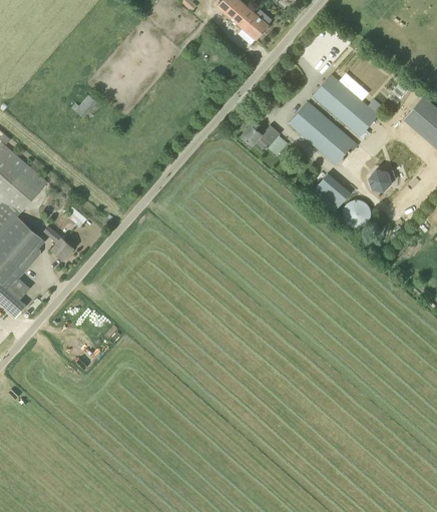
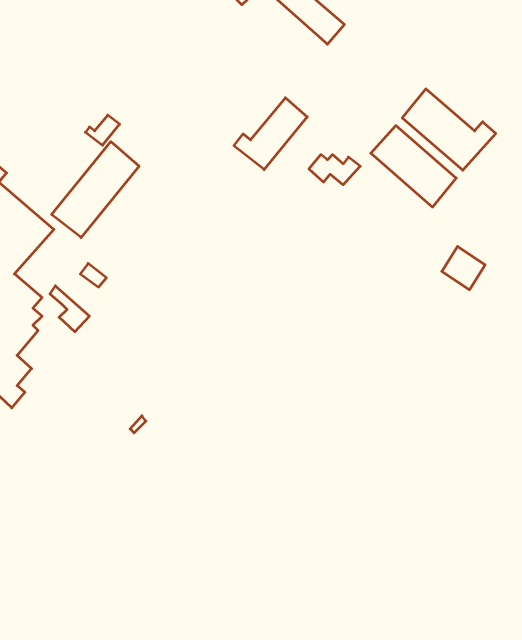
building: none -> [234,98,307,170]
building: none -> [52,142,139,238]
building: [368,169,391,192] -> none
building: [316,172,353,209] -> none

